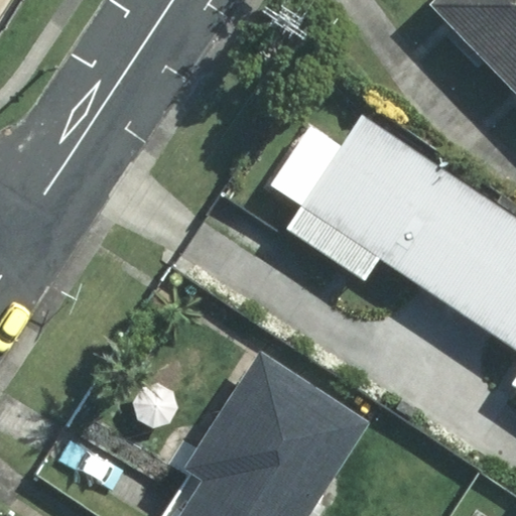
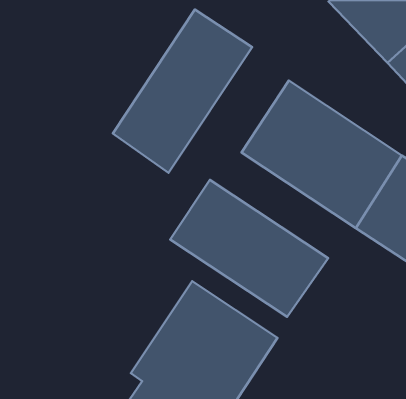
building: none -> [113,9,252,173]
building: none -> [170,180,328,317]

